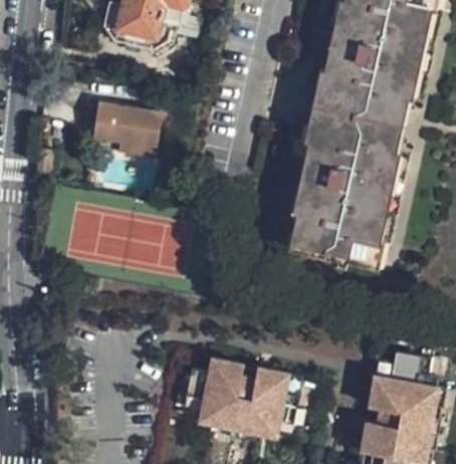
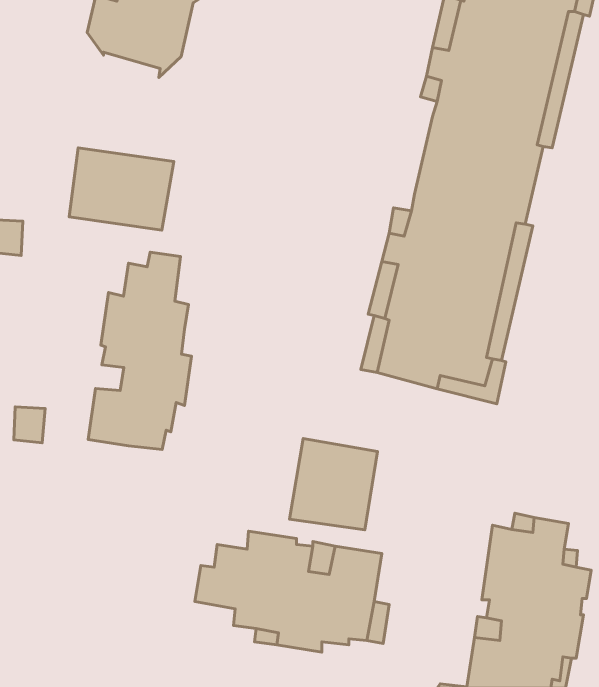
building: none -> [88,252,192,449]
building: none -> [290,438,377,530]

